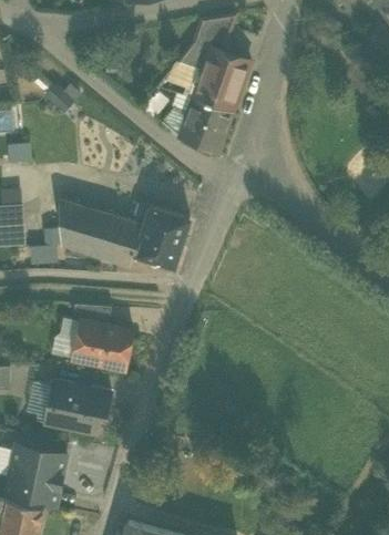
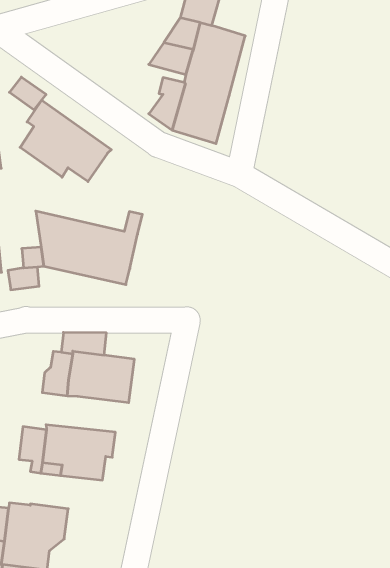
building: none -> [20,100,111,182]
building: [136,208,191,266] -> none

